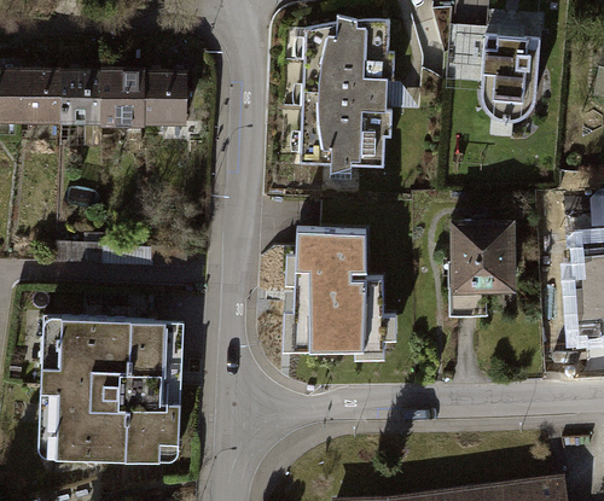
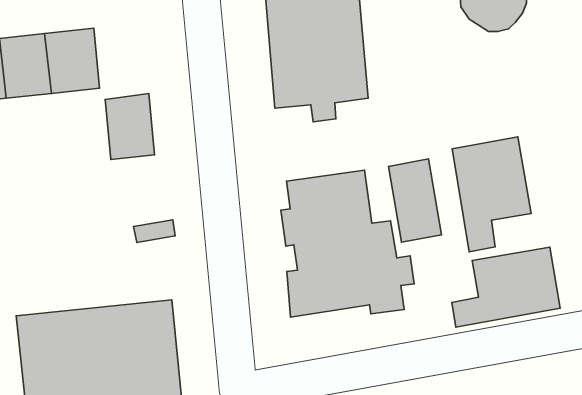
building: [144,69,186,124] -> [105,94,155,160]
building: none -> [388,159,442,242]
building: none -> [452,247,560,327]

